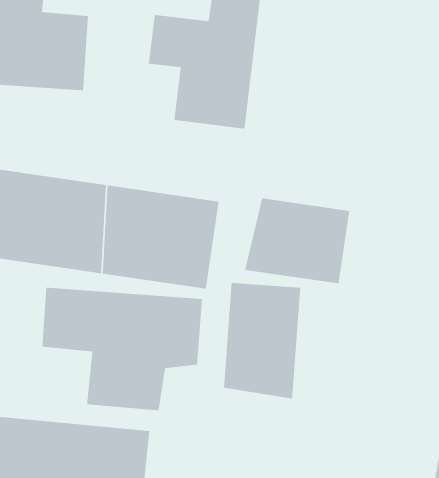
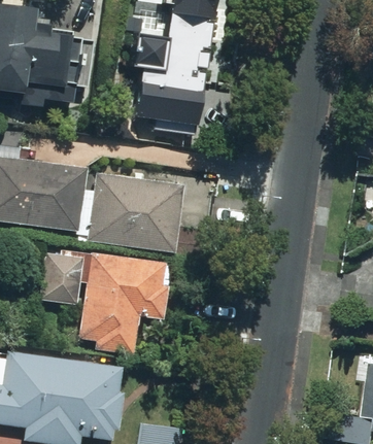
building: [244,198,350,284] -> none
building: [223,282,301,399] -> none

